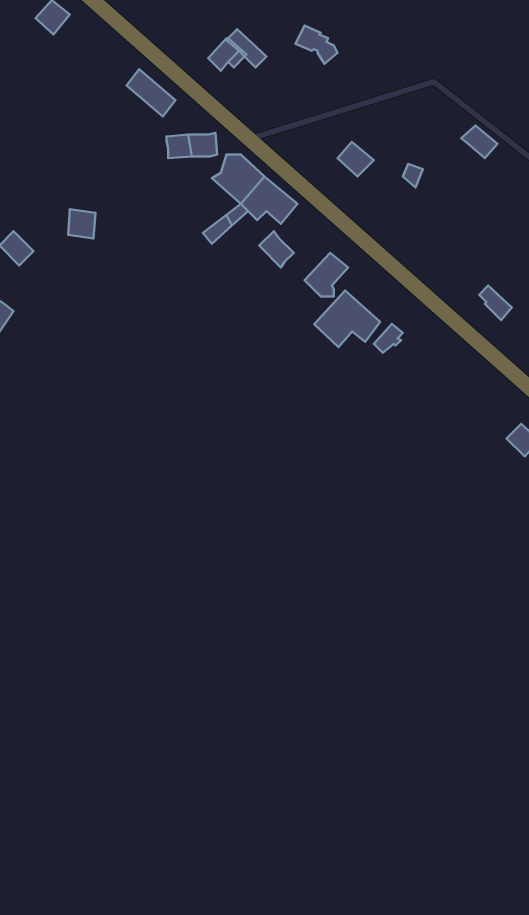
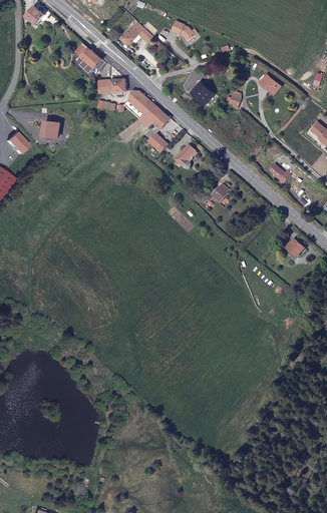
building: [314,291,380,347] -> none

